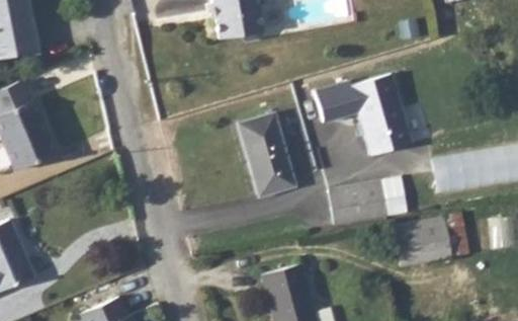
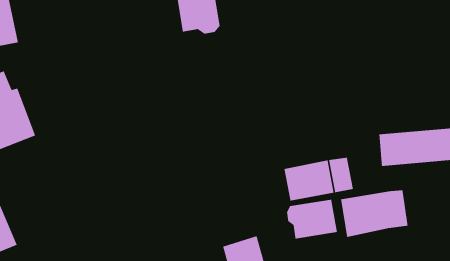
building: [314,76,412,157] -> none
building: [239,113,295,196] -> none
building: none -> [286,199,338,239]

